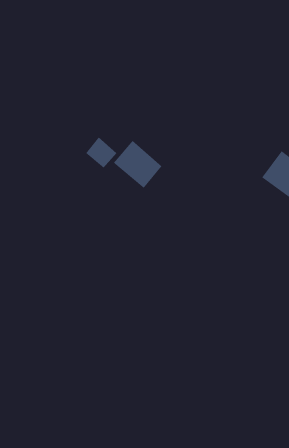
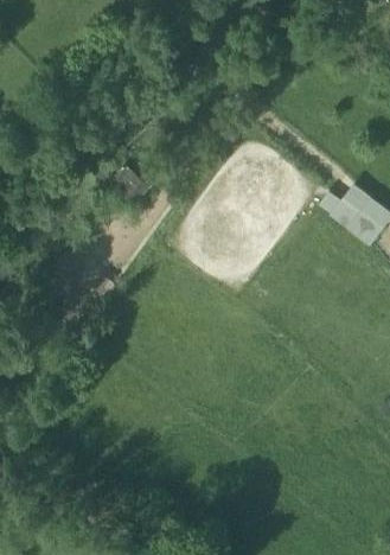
building: [113,140,162,189] -> none

